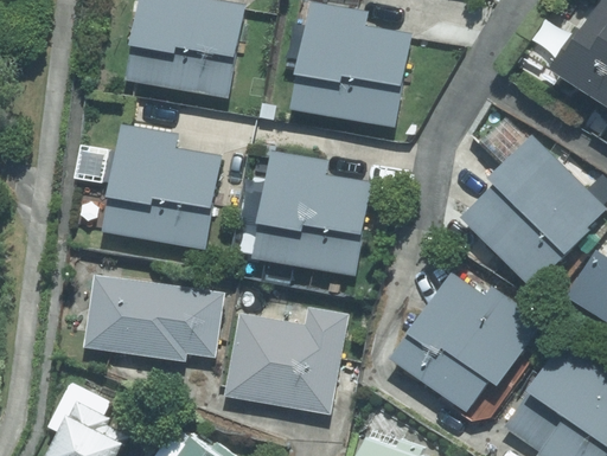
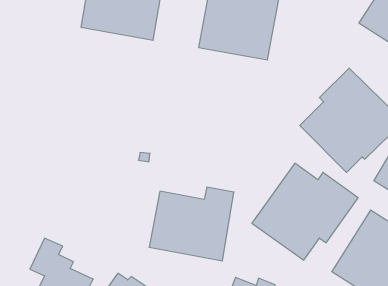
building: [108,126,229,249] -> none
building: [261,152,377,276] -> none
building: [88,275,229,362] -> none

